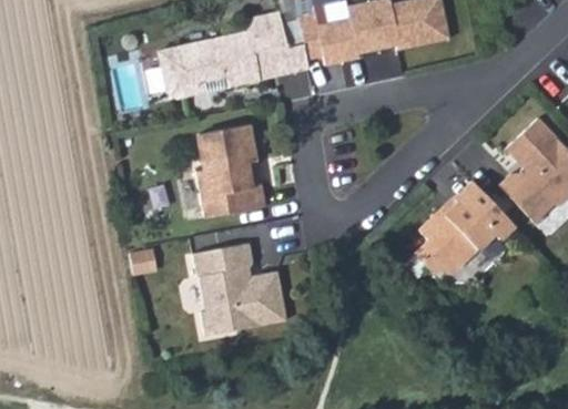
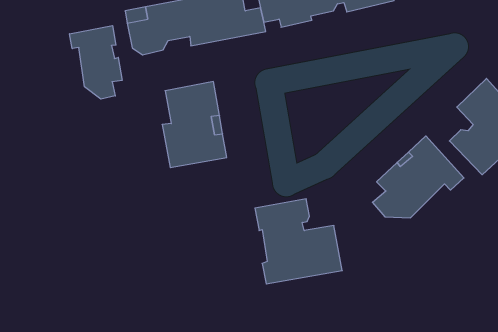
building: none -> [70,26,122,99]
building: [192,243,286,335] -> [255,199,342,284]

